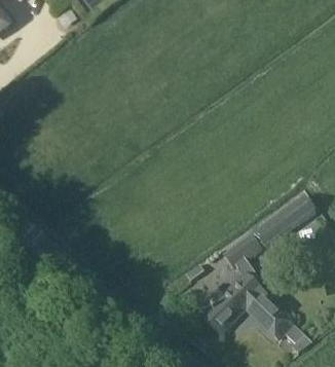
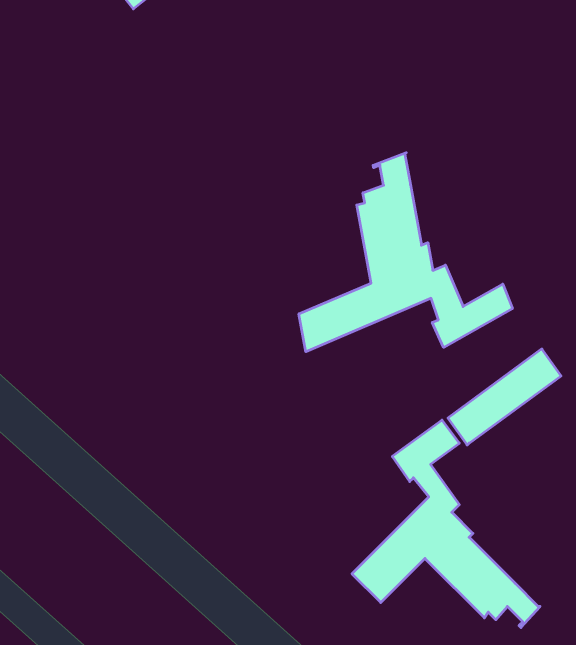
building: none -> [299,153,512,352]

